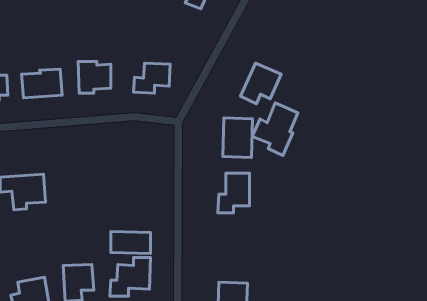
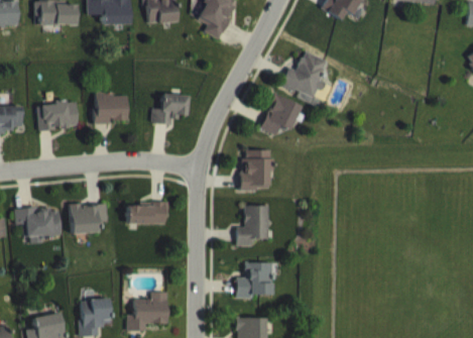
building: [252,103,298,155] -> [280,50,327,104]
building: none -> [70,204,107,233]
building: none -> [236,262,272,297]
building: [111,232,151,253] -> [127,203,167,225]

